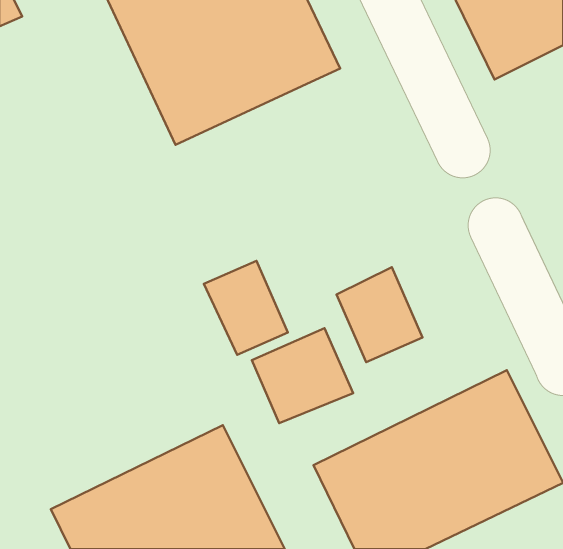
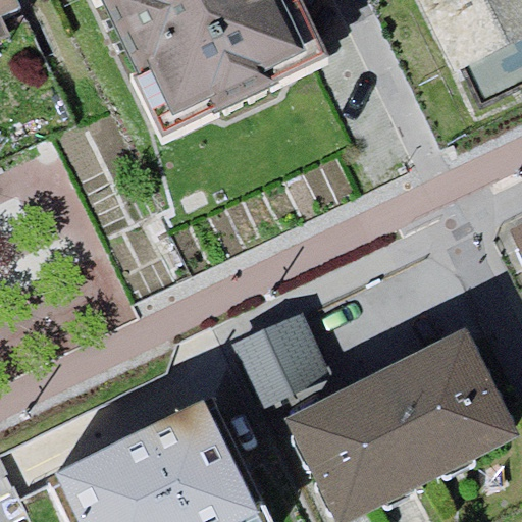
building: [204,261,288,355] -> none
building: [336,267,422,362] -> none

